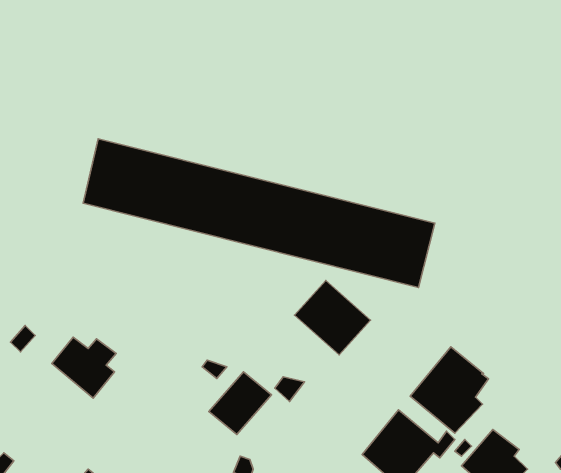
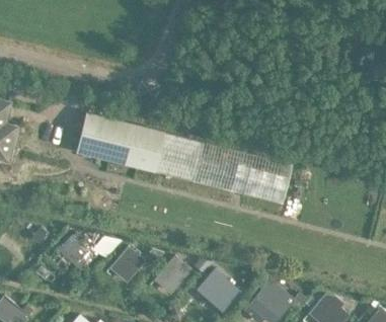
building: [294,280,370,355] -> [194,267,240,313]
building: [410,347,489,433] -> none
building: none -> [108,246,145,283]

